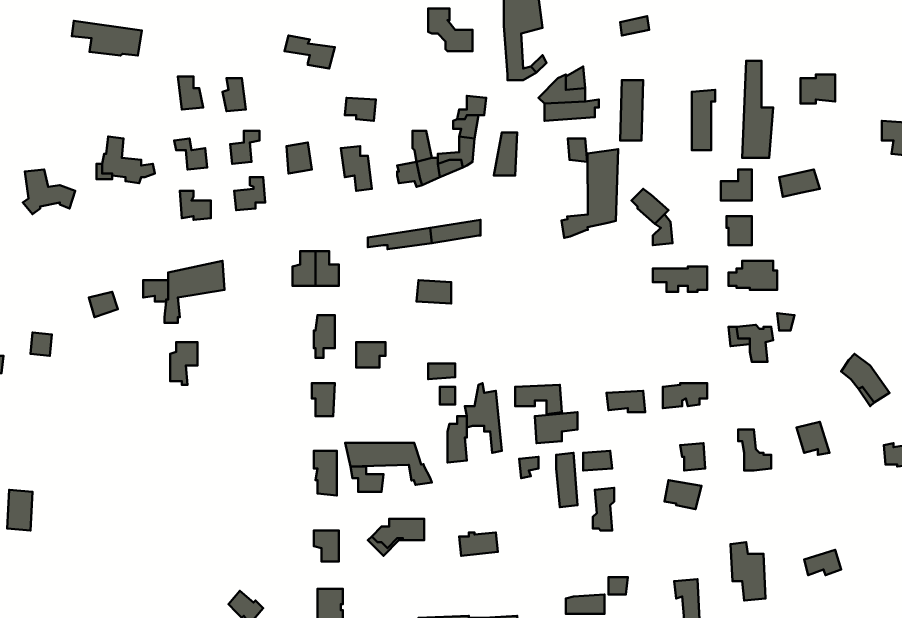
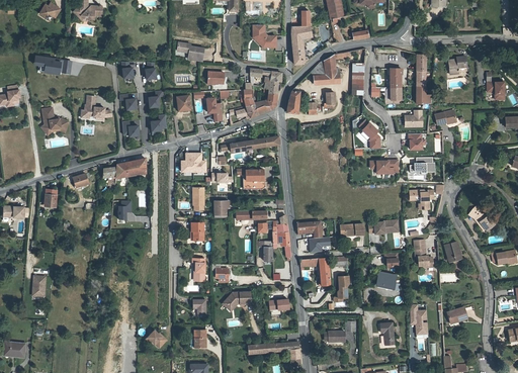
building: [72,21,142,56] -> [35,57,72,75]
building: [562,149,618,238] -> none
building: [345,443,432,485] -> none

